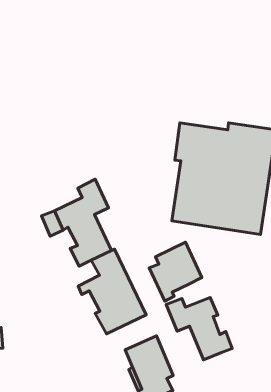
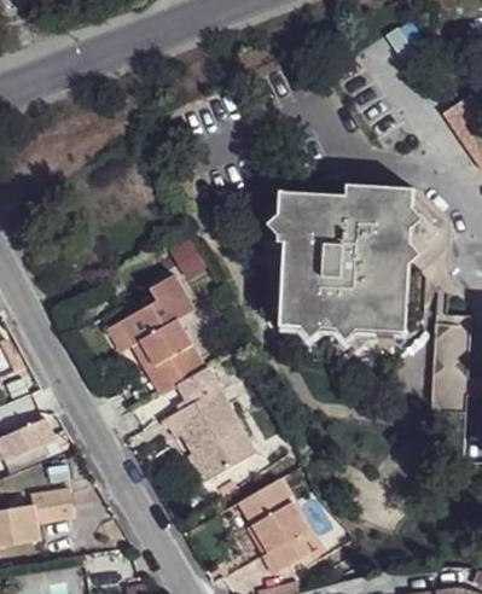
building: [149,242,202,301] -> none
building: [166,297,232,360] -> none

